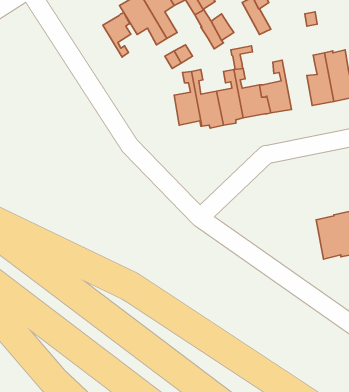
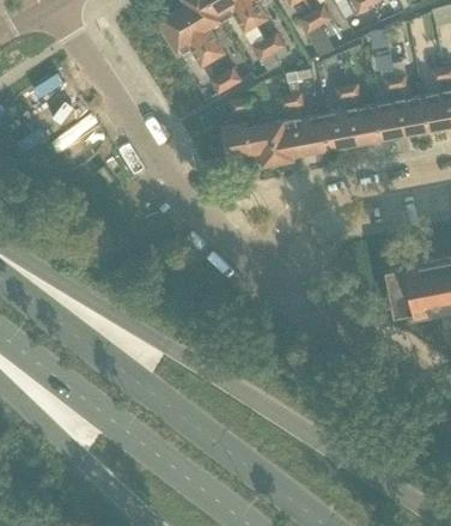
building: [103,13,131,57] -> none
building: none -> [348,86,383,145]

